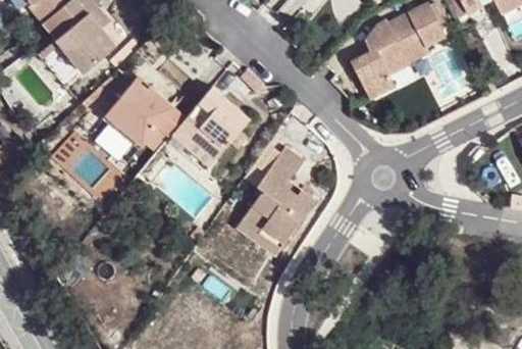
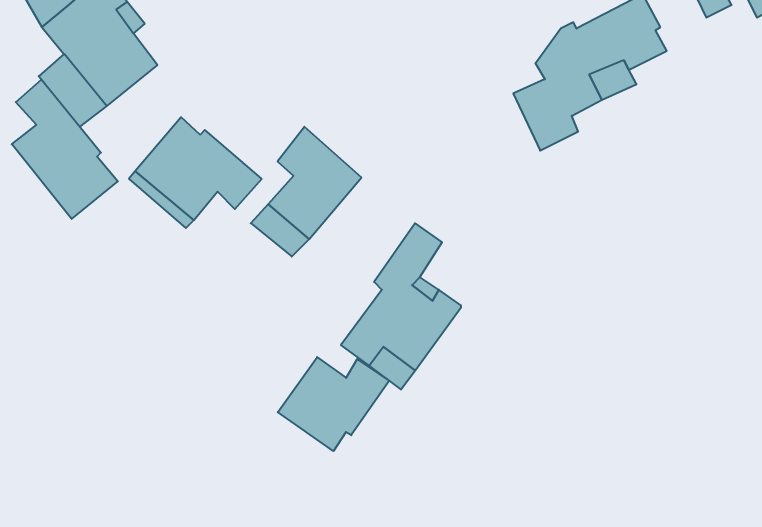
building: none -> [12,80,118,219]
building: none -> [278,357,389,451]

